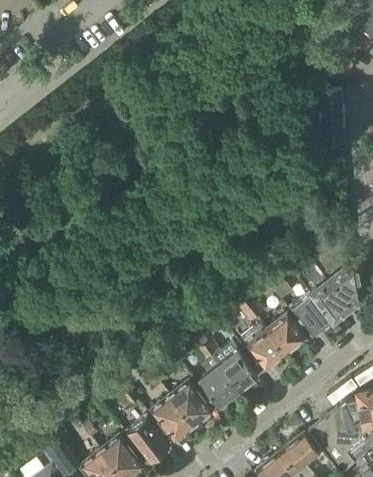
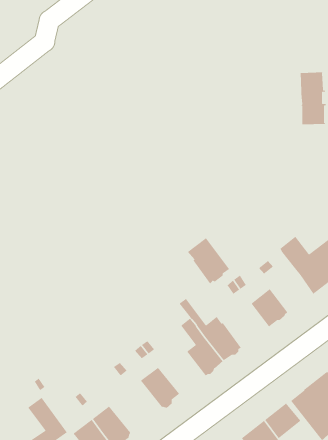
building: [292,293,332,336] -> none
building: [241,323,286,372] -> [187,237,230,284]
building: [171,382,212,425] -> none
building: [127,418,169,462] -> none

